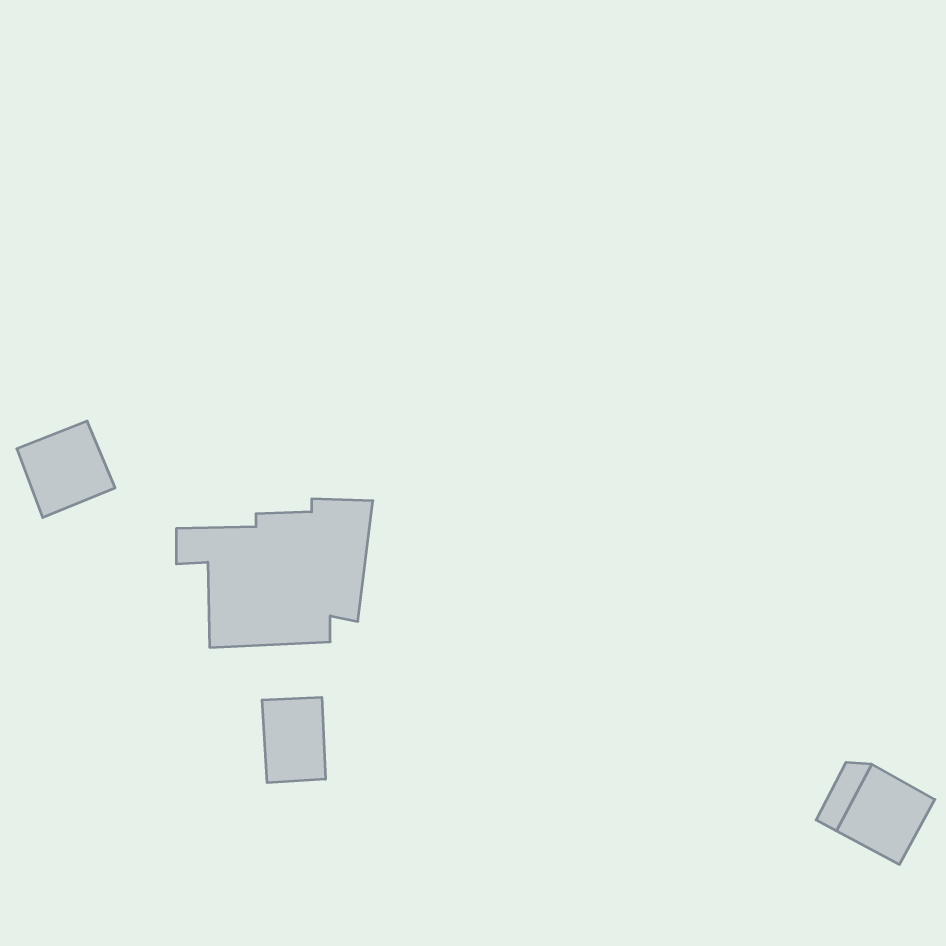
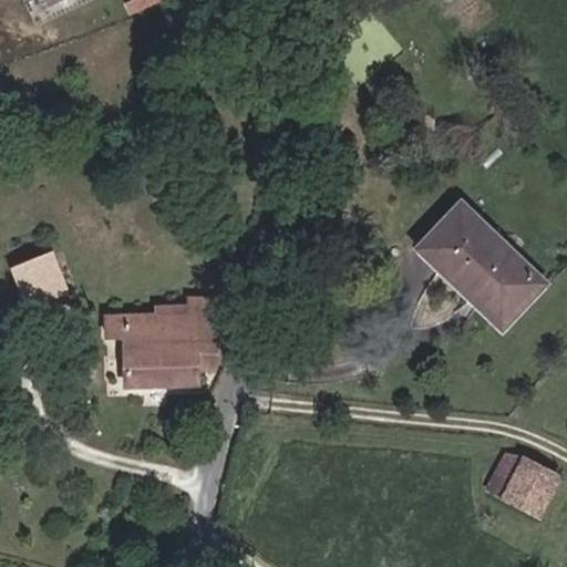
building: none -> [419,204,543,327]
building: [262,697,325,783] -> none

